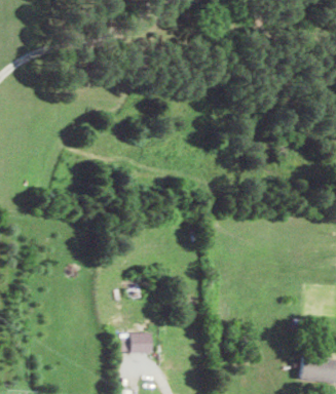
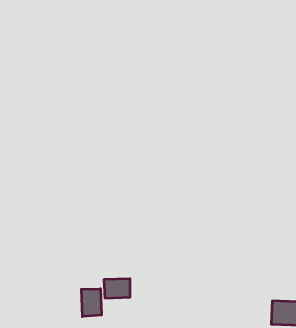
building: none -> [81,289,101,317]

